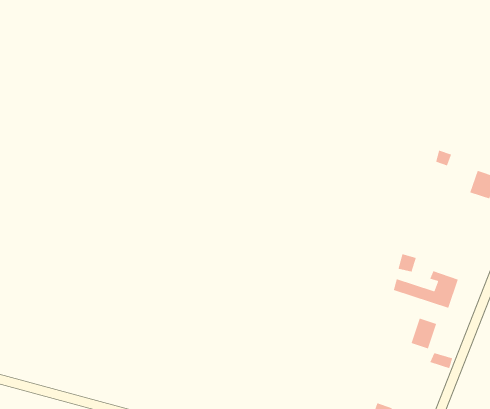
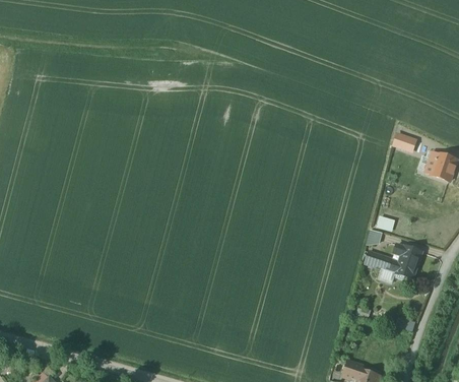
building: [410,318,437,349] -> none

